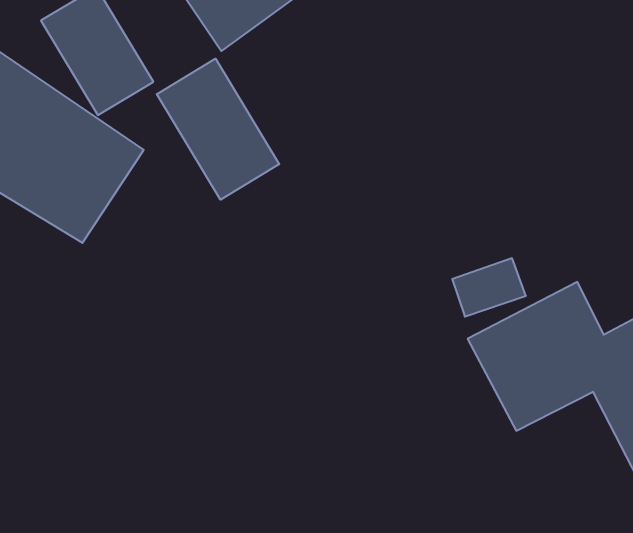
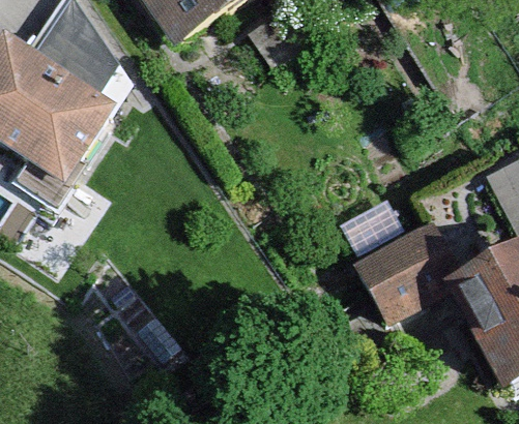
building: [157,59,279,200] -> none

